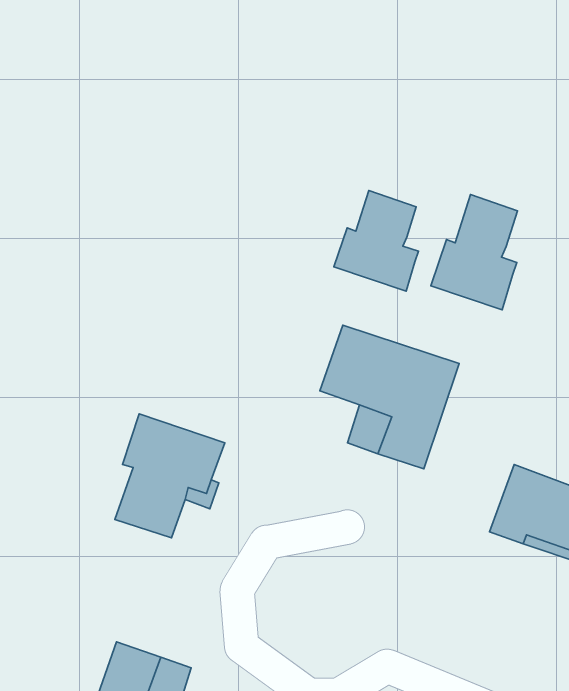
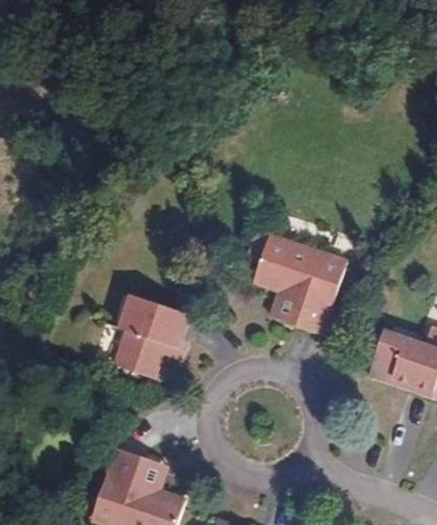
building: [334,191,418,291] -> none
building: [431,194,517,310] -> none

